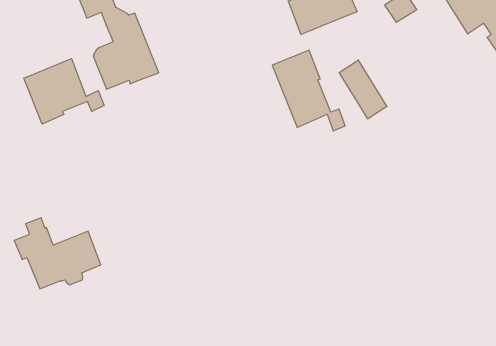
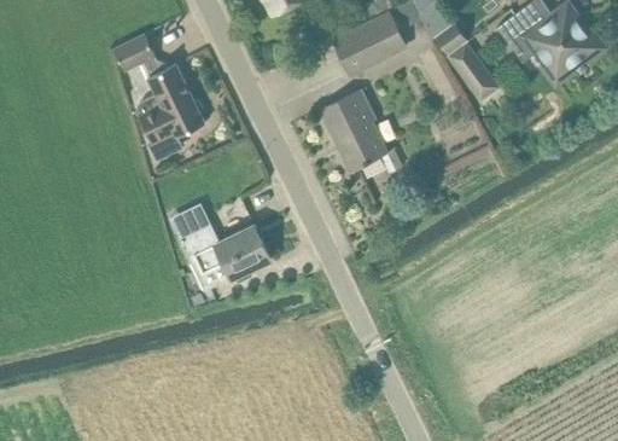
building: [24,59,104,124] -> none
building: [339,60,387,119] -> [447,41,499,101]
building: [14,218,101,289] -> [177,214,269,288]

